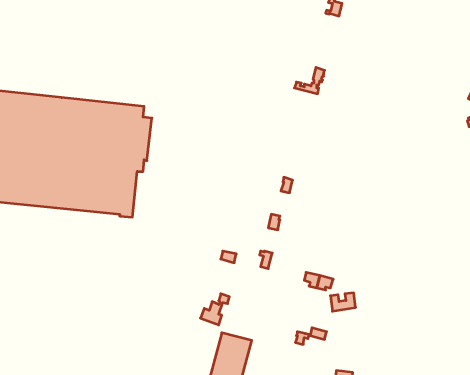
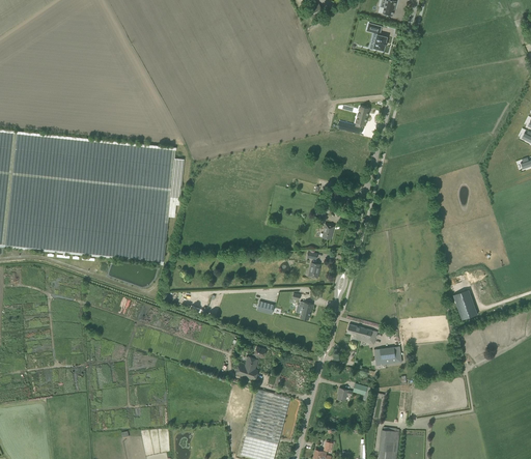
building: none -> [452,289,476,320]

